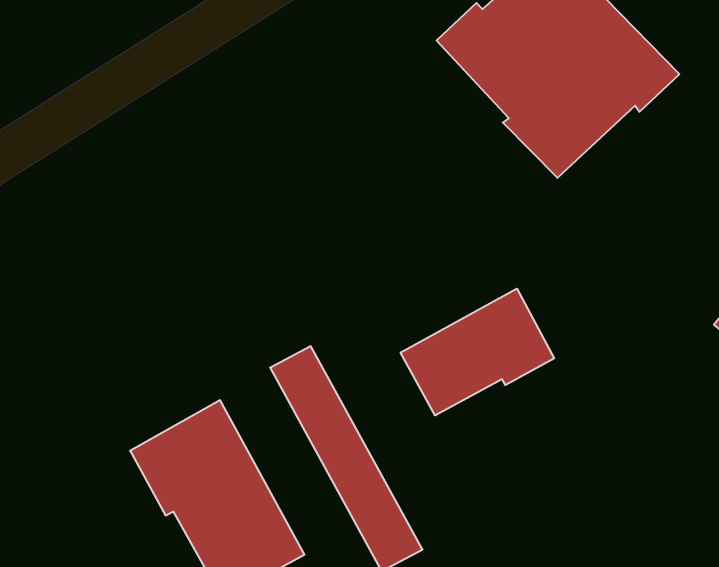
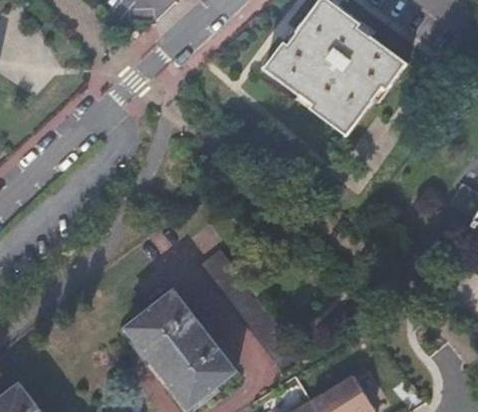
building: [401,289,554,415] -> none

